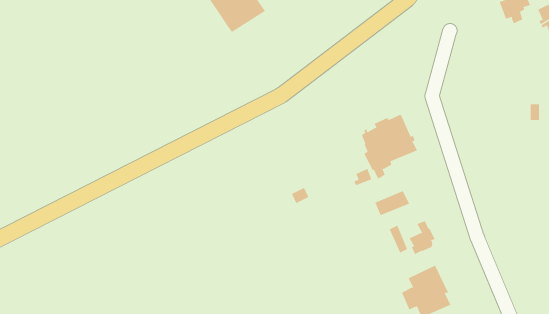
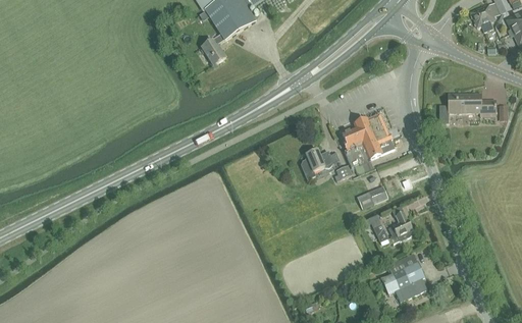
building: none -> [201,34,226,64]
building: none -> [438,94,494,124]
building: none -> [304,149,341,178]

